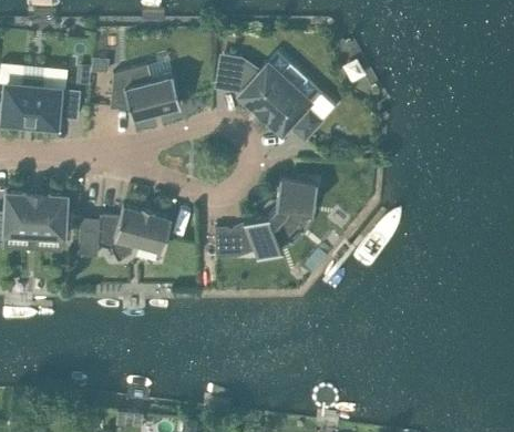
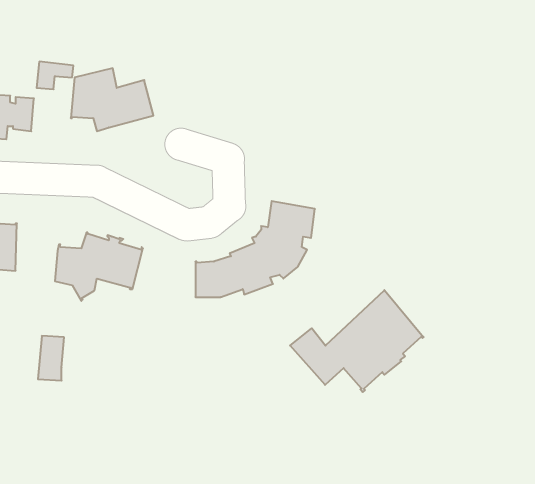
building: [214,56,322,142] -> none
building: [76,219,99,257] -> [38,336,64,381]
building: none -> [290,290,424,392]

